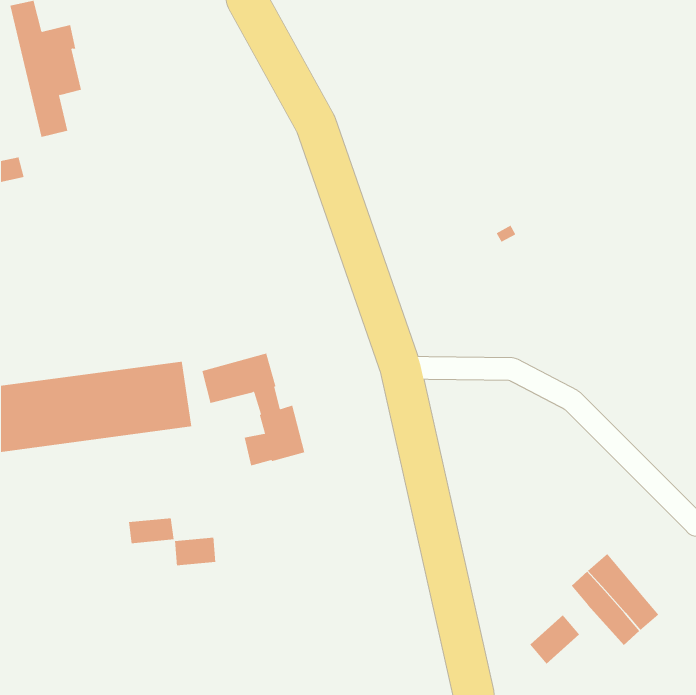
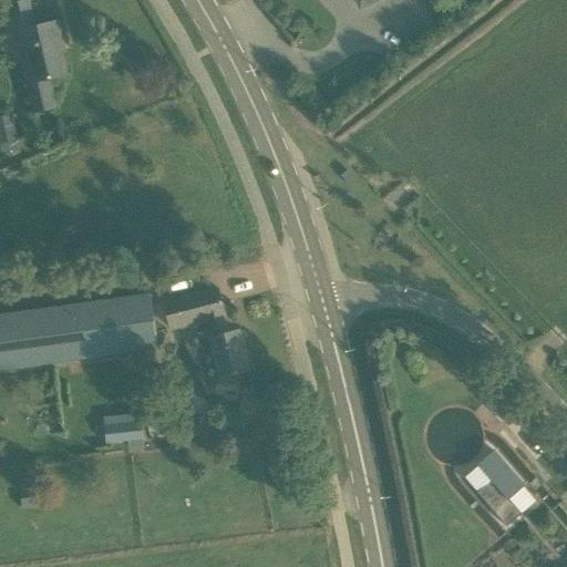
building: [175,537,216,566] -> none
building: [529,614,580,665] -> none

